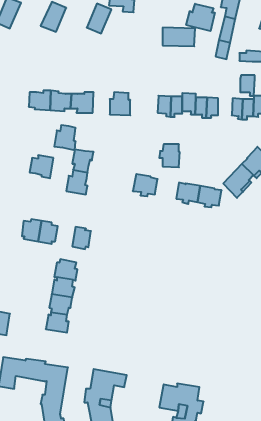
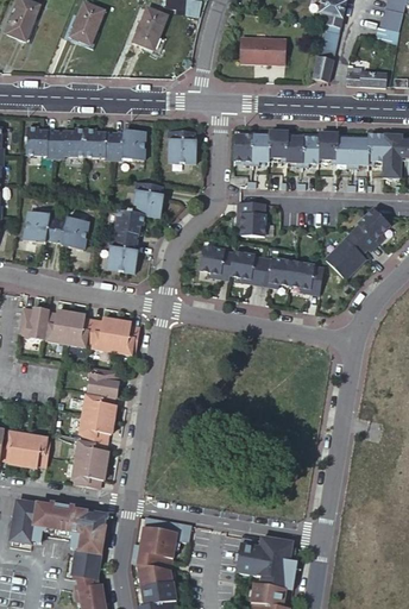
building: [186,4,215,31] -> none
building: [240,75,255,96] -> [317,133,338,162]
building: none -> [24,125,55,153]
building: [54,125,76,150] -> [132,182,162,216]
building: none -> [25,211,58,241]
building: none -> [229,250,263,281]
building: none -> [19,303,48,334]
building: none -> [90,315,119,345]
building: none -> [23,439,51,471]
building: none -> [74,460,107,489]

